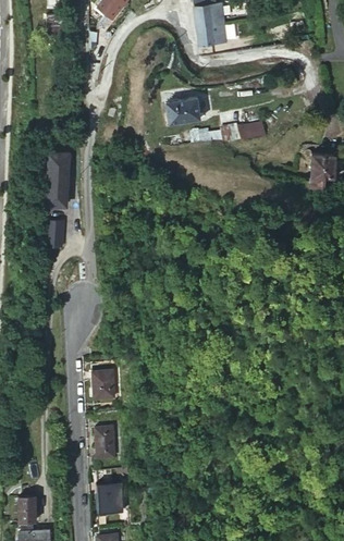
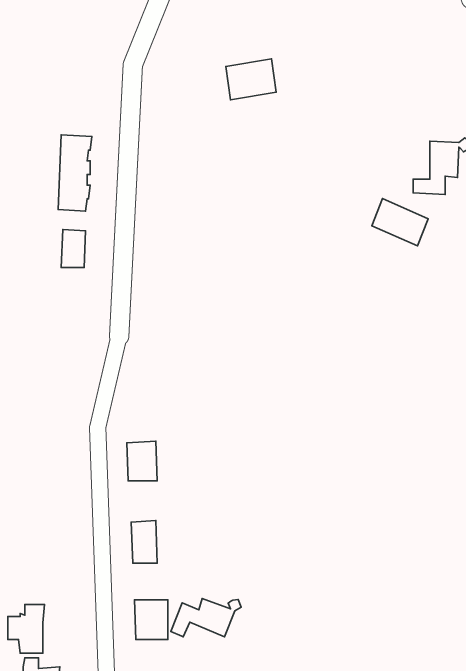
building: [236,121,265,143] -> none
building: none -> [372,199,428,246]
building: none -> [171,598,241,637]

